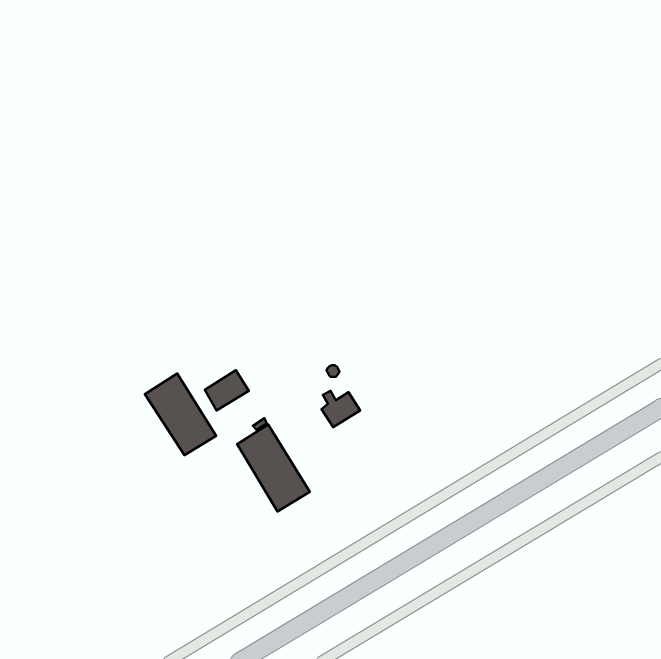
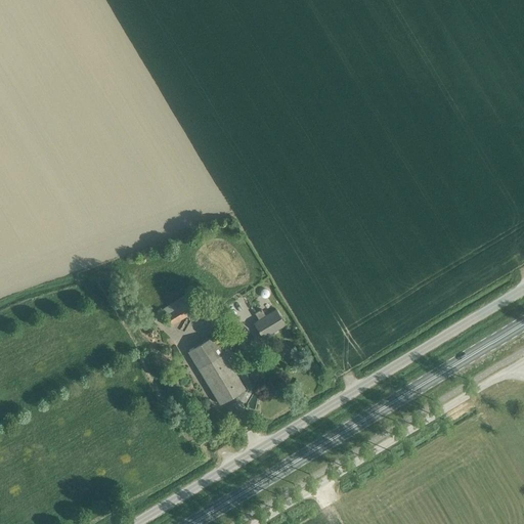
building: [145,373,216,455] -> none

